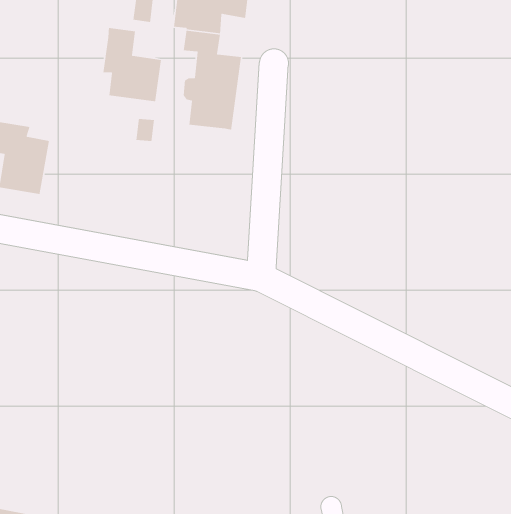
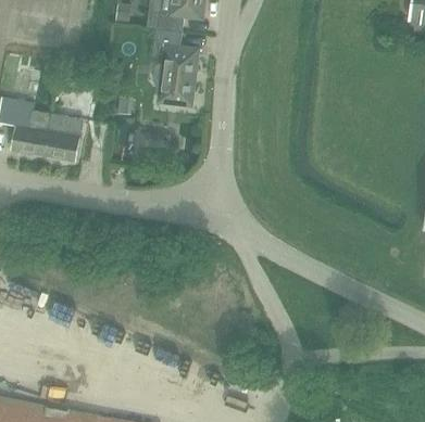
building: [102,27,162,102] -> none
building: none -> [42,115,84,164]

